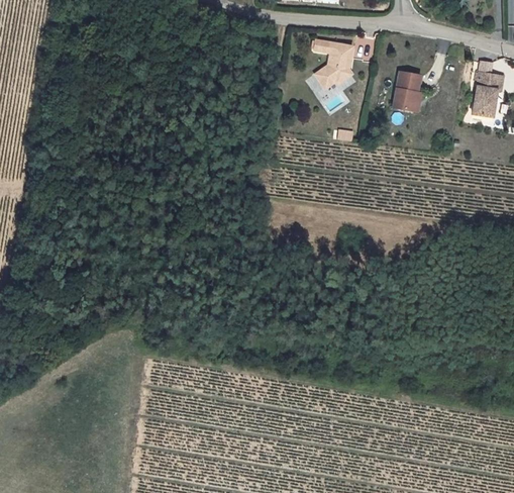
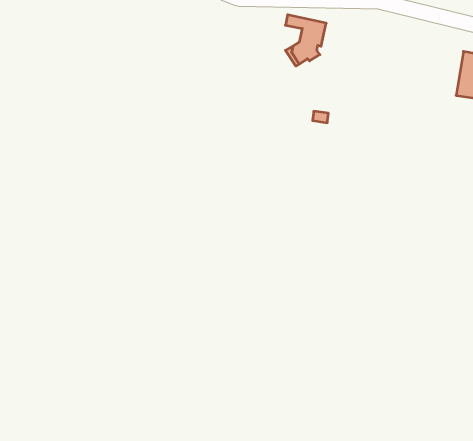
building: [394,72,420,111] -> none

